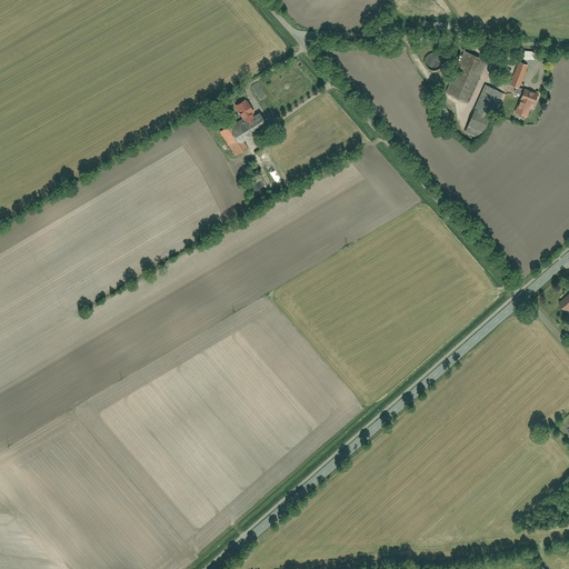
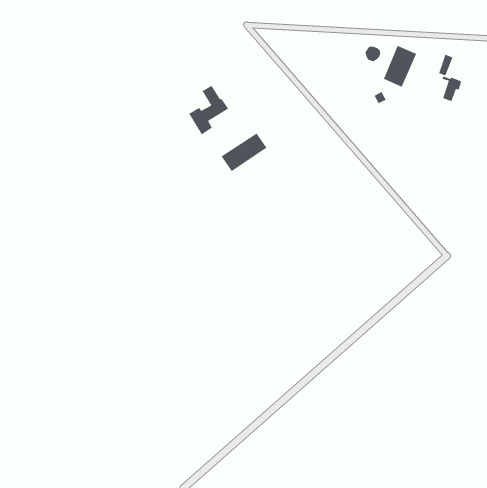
building: [465,86,500,140] -> none
building: none -> [221,133,267,172]

